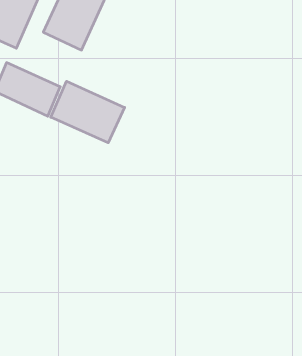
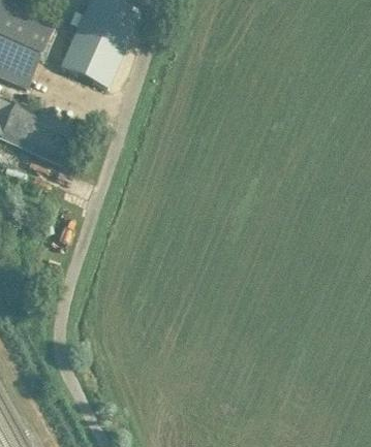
building: [51,81,125,143] -> none

